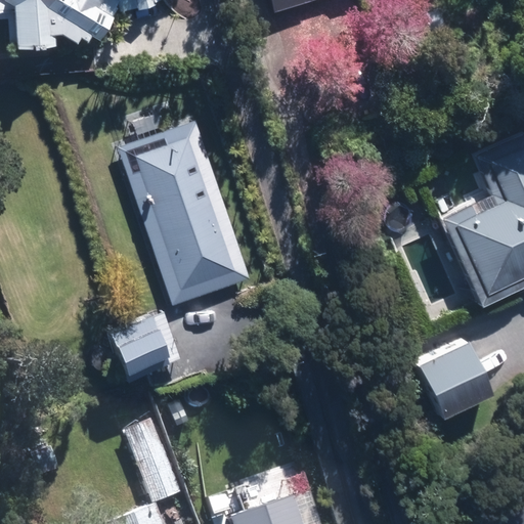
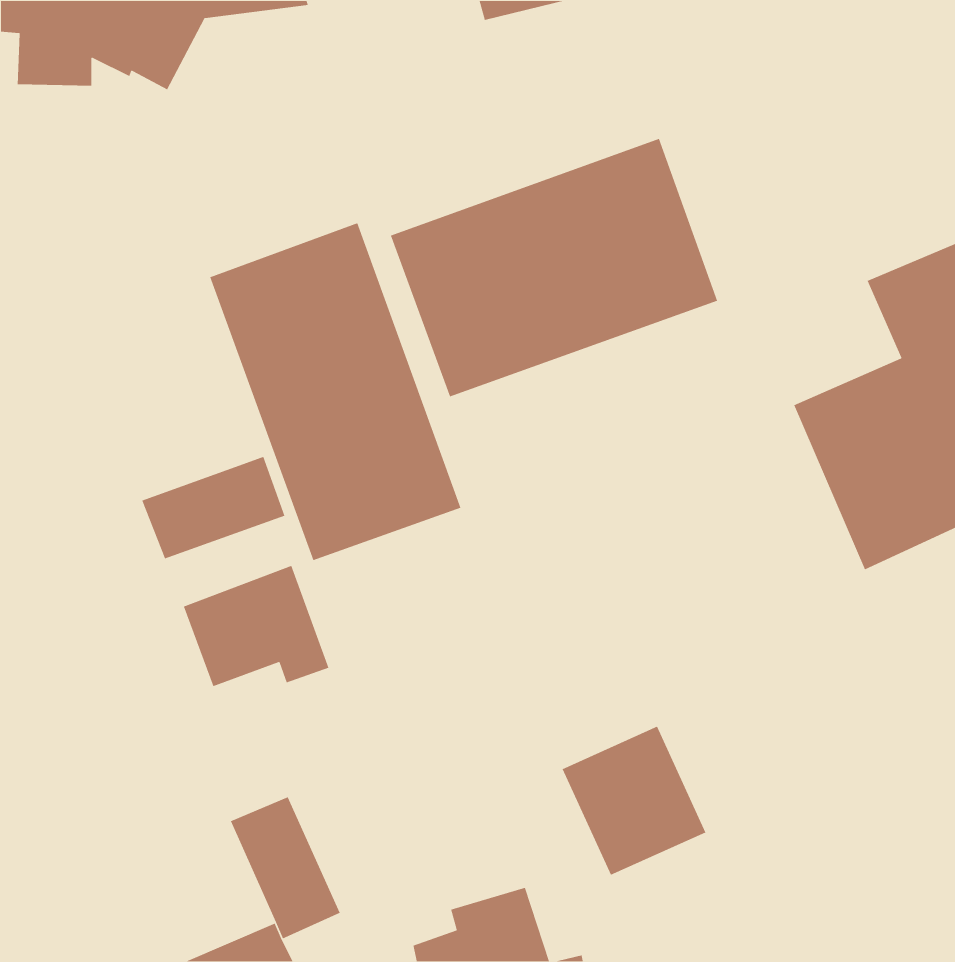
building: none -> [390,138,718,398]
building: none -> [141,456,286,560]
building: [410,336,489,418] -> [562,725,707,876]

